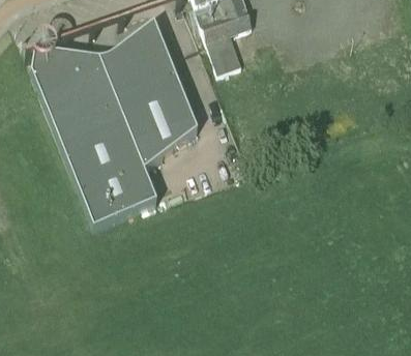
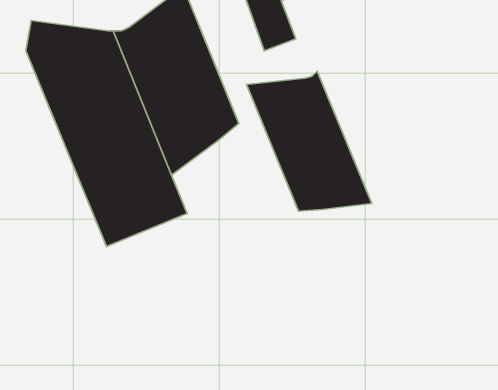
building: none -> [247,71,372,211]

